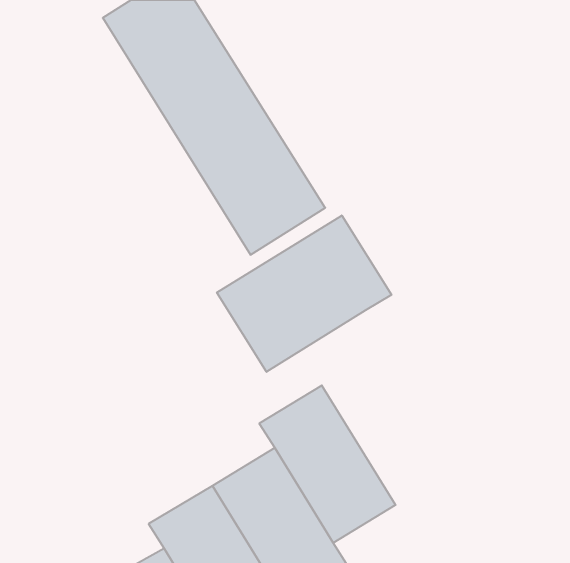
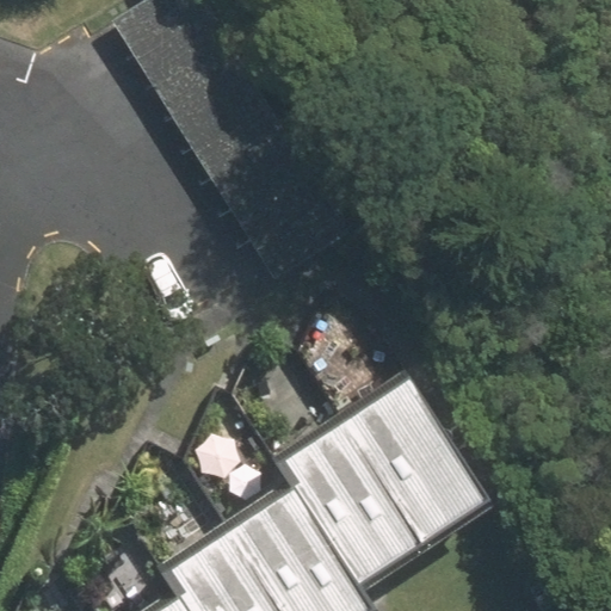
building: [217,215,391,372] -> none
building: none -> [345,379,490,548]

